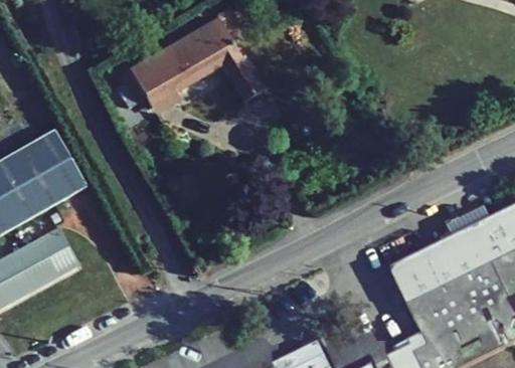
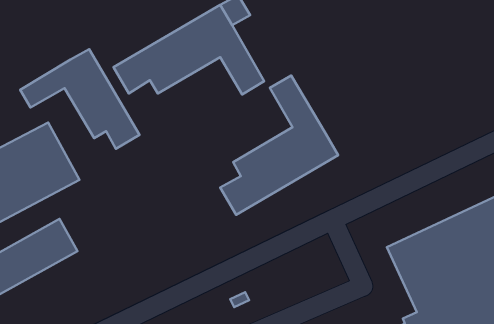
building: none -> [20,49,139,149]
building: none -> [220,76,338,215]

